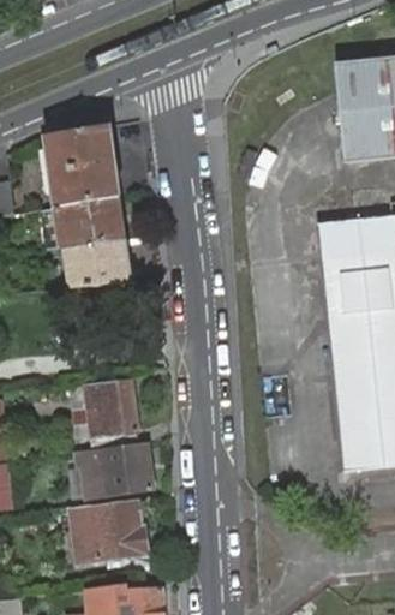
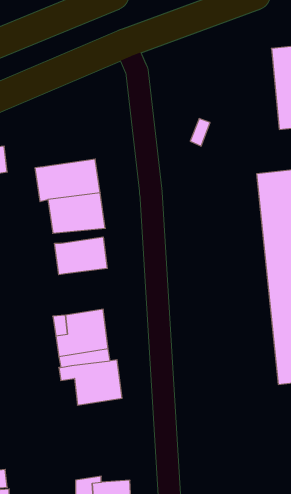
building: [42,125,121,208] -> none
building: none -> [55,237,107,275]
building: [72,502,148,562] -> none

